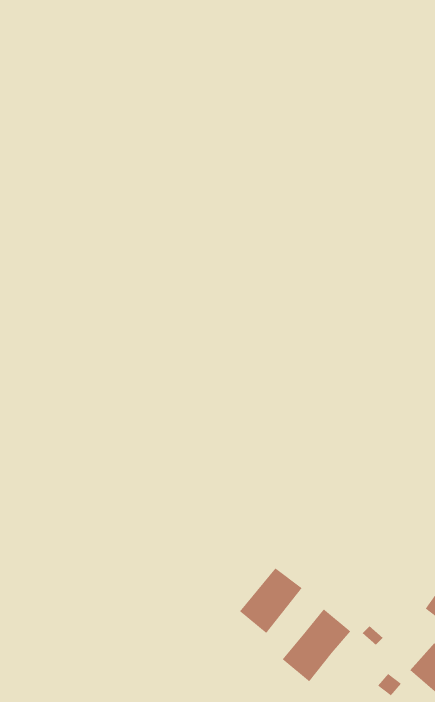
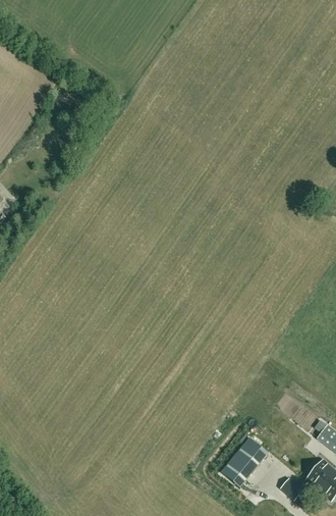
building: [239,567,302,634] -> none

